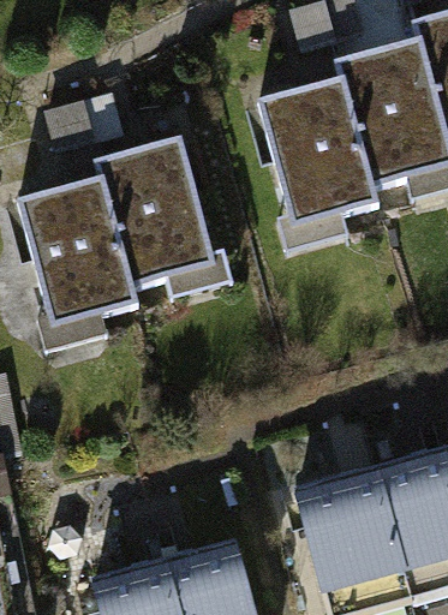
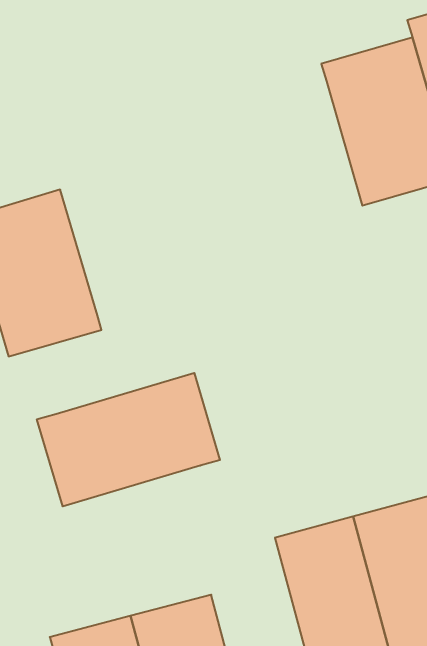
building: [259,77,380,231] -> none
building: [97,137,217,289] -> none
building: none -> [37,373,220,506]

